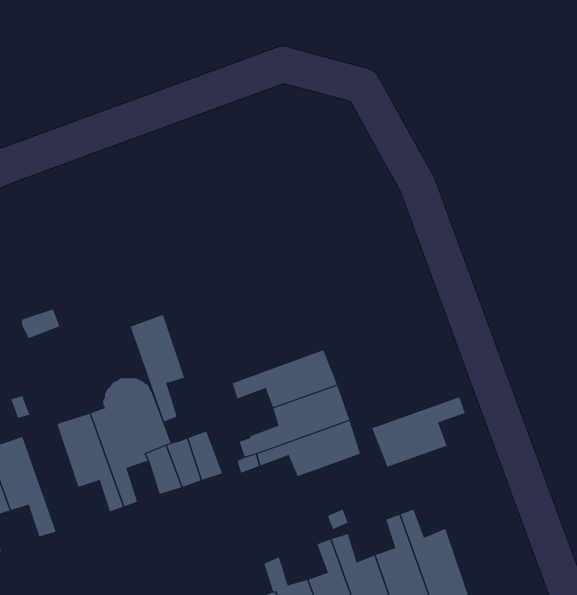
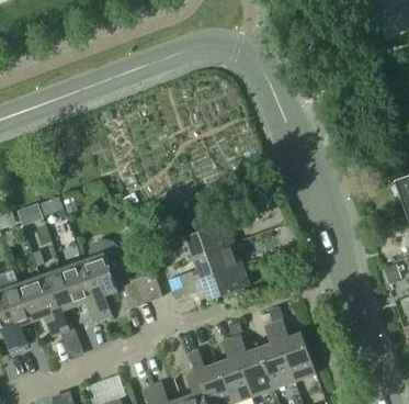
building: [130,314,185,422] -> [38,267,72,334]
building: [372,396,466,468] -> none

